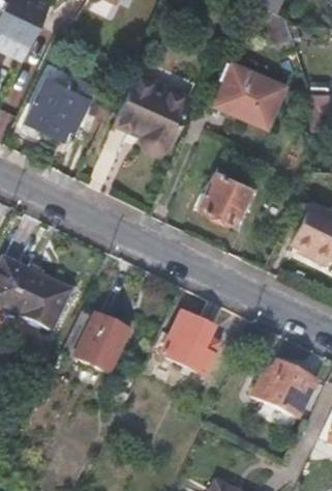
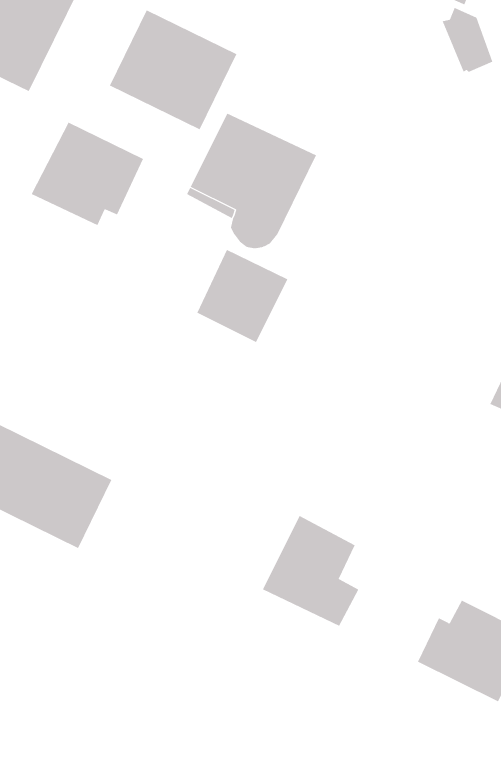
building: none -> [109,9,237,130]
building: [215,64,284,128] -> none
building: [198,170,251,225] -> [196,249,288,343]
building: [63,311,130,373] -> none

